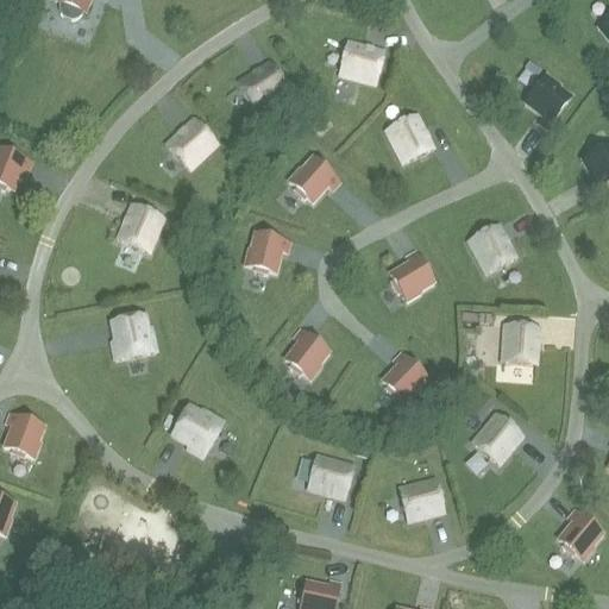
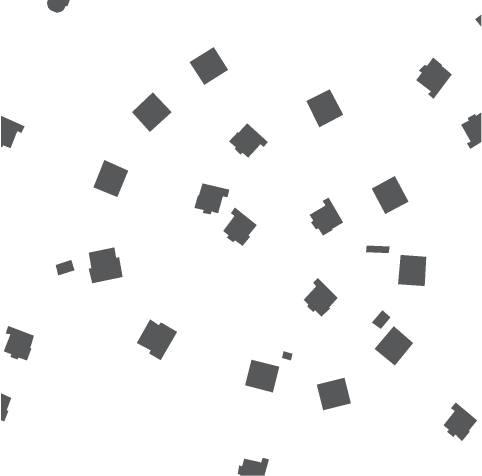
building: [339,38,384,82] -> none
building: [284,326,329,377] -> [222,206,258,247]

